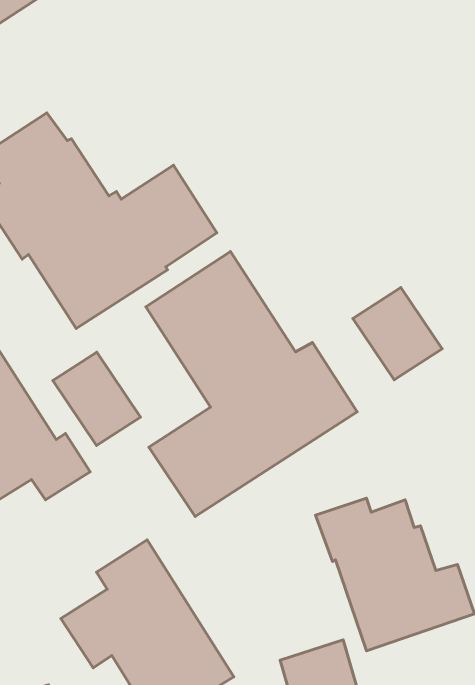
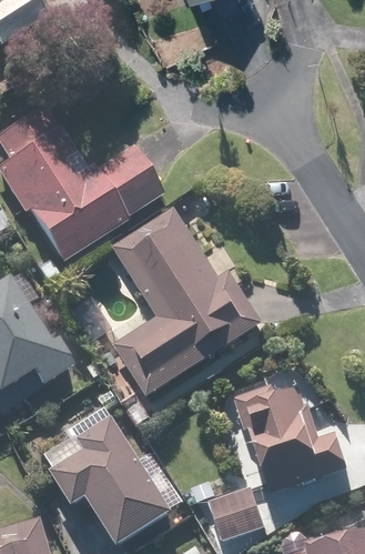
building: [353,287,442,380] -> none
building: [53,352,140,446] -> none

